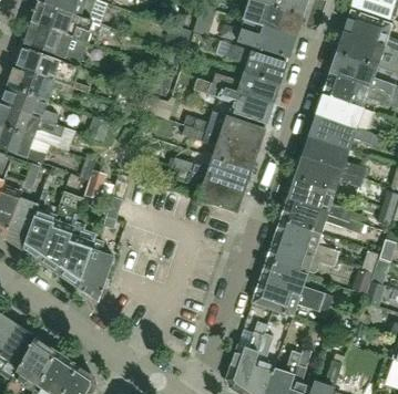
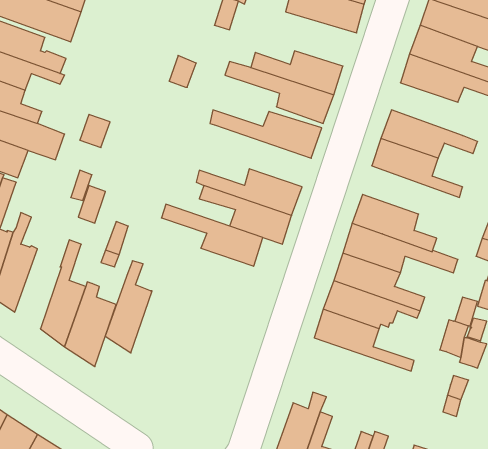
building: [226,42,286,81] -> none
building: [315,93,374,132] -> none
building: [182,124,256,169] -> [161,204,263,266]
building: [294,154,365,189] -> none
building: [39,206,73,273] -> [105,261,152,353]
building: [252,280,329,315] -> none

